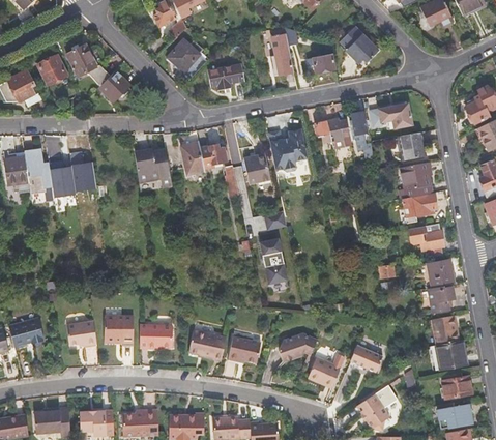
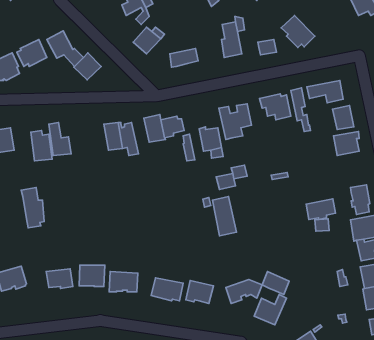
building: [23,147,50,194] -> [21,188,44,228]
building: [402,193,436,216] -> [306,199,335,219]
building: [351,345,382,372] -> [262,271,289,295]

